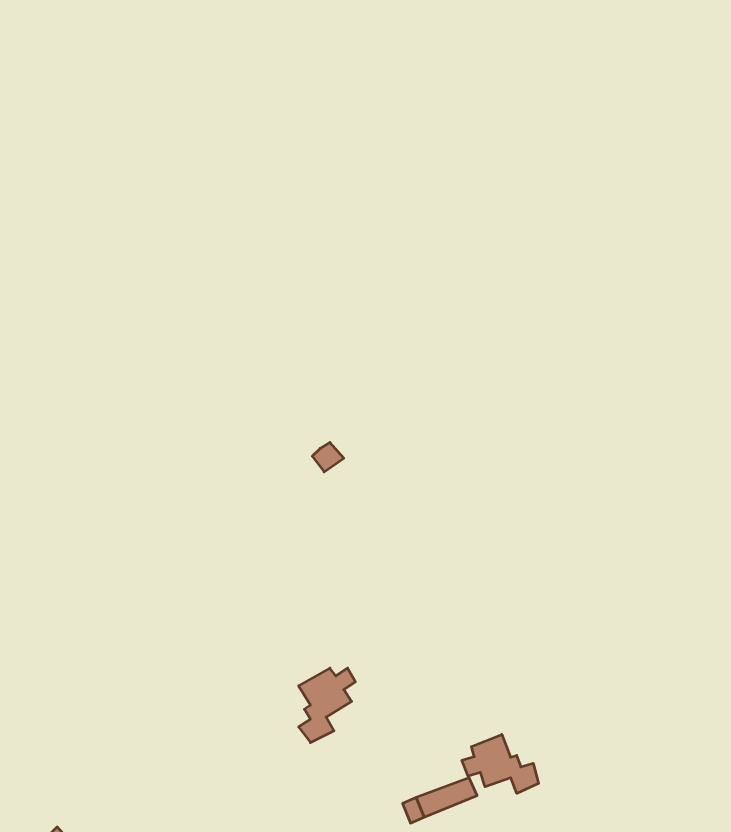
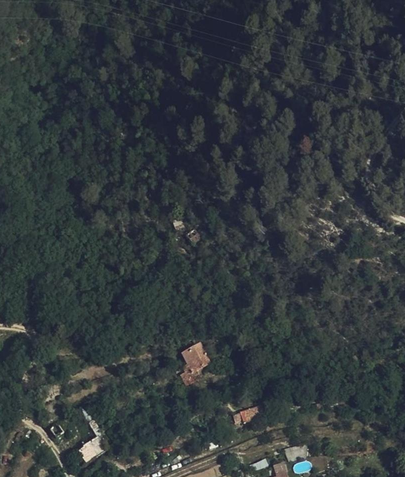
building: [462,734,539,793] -> none

